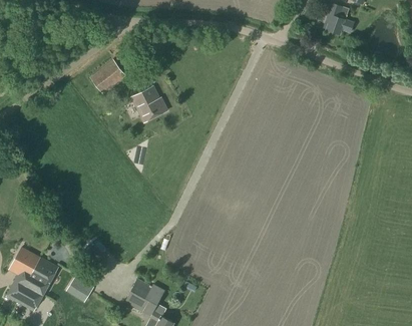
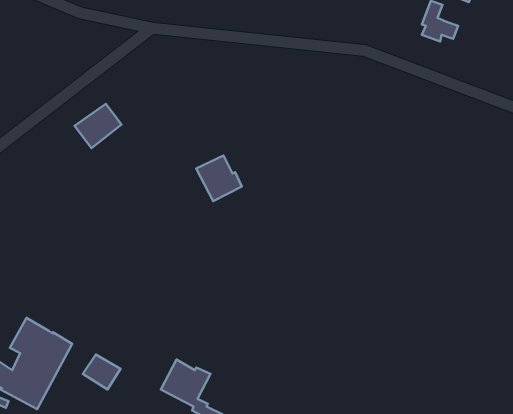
building: [89,59,125,93] -> [75,104,122,148]
building: [131,86,166,121] -> [196,155,242,201]

